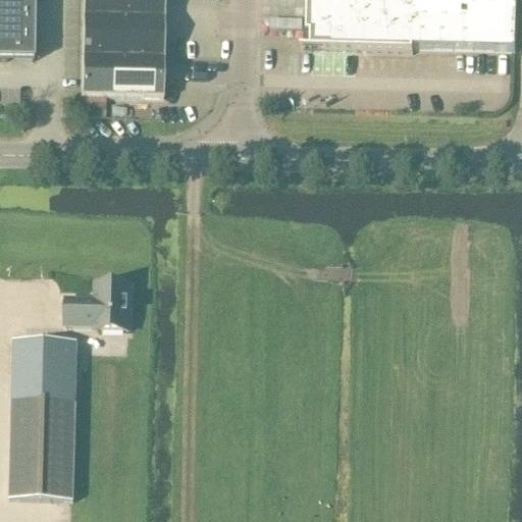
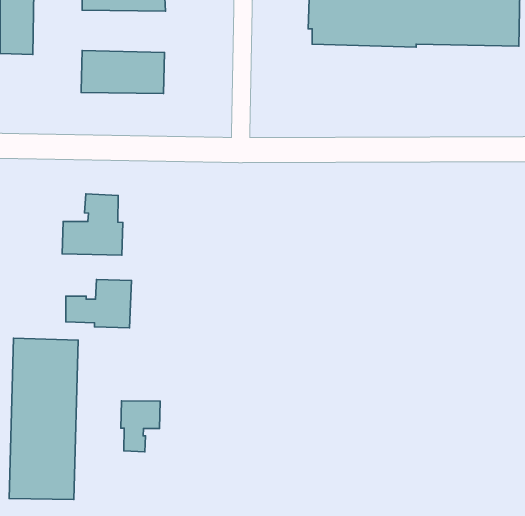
building: [82,10,164,52] -> none
building: none -> [62,194,123,255]
building: none -> [121,401,160,452]

